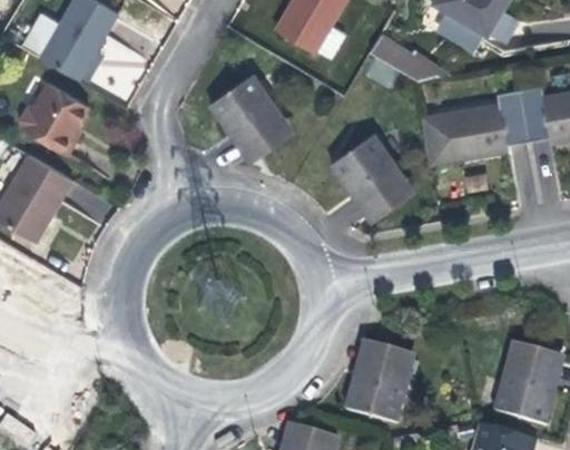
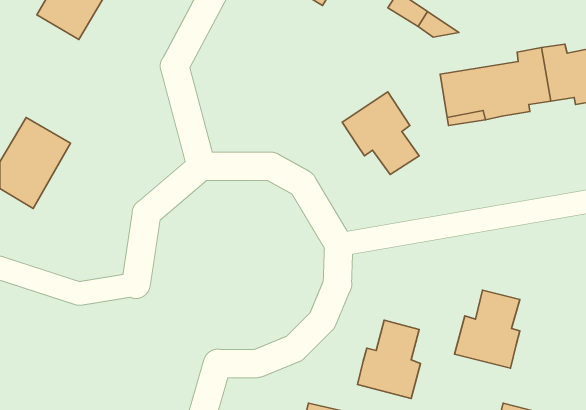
building: [208,70,283,149] -> none
building: [20,80,89,156] -> none
building: [495,354,558,429] -> [454,290,520,368]

